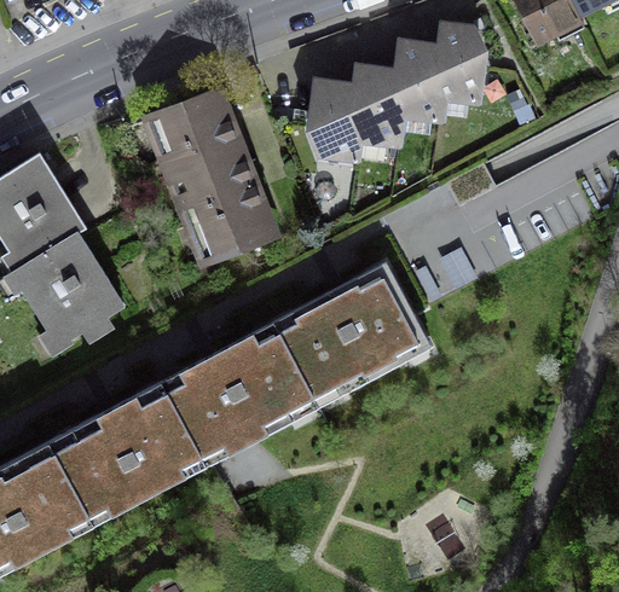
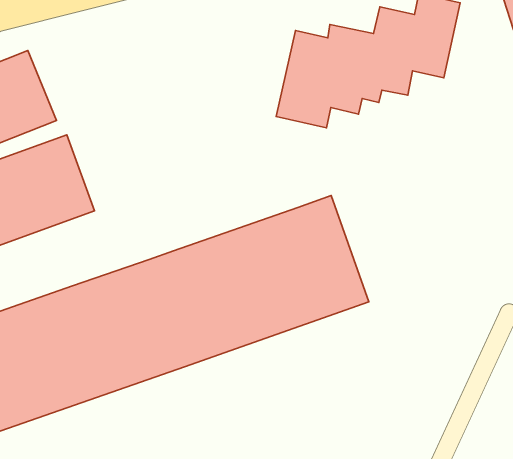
building: [133,88,266,266] -> none

